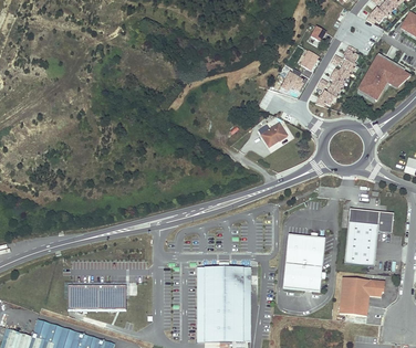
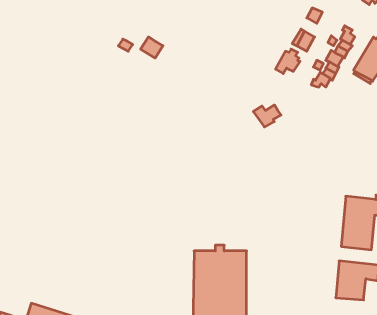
building: [283,234,325,292] -> none
building: [67,285,125,310] -> none

